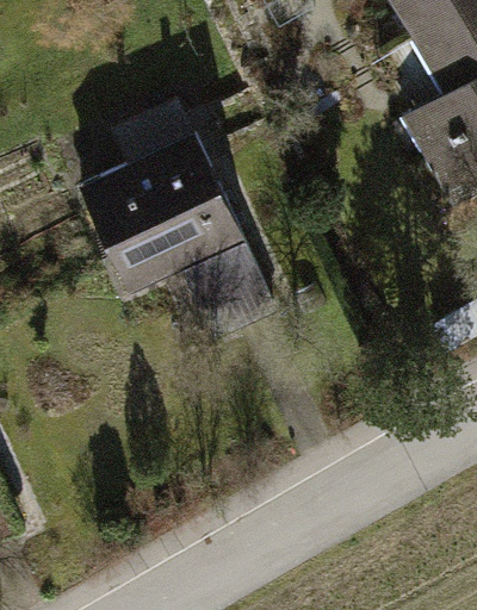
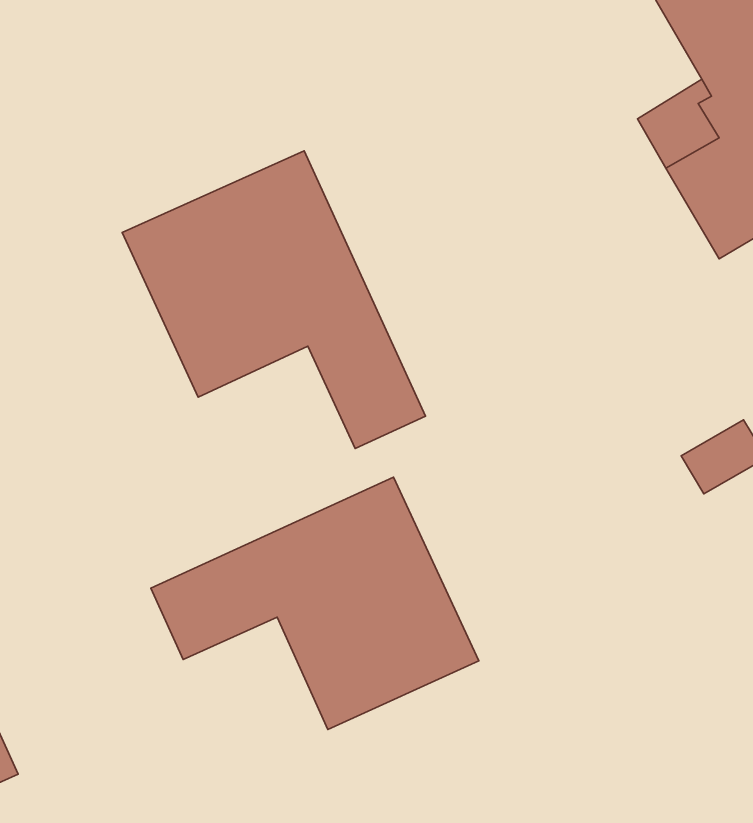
building: none -> [151,477,479,729]

